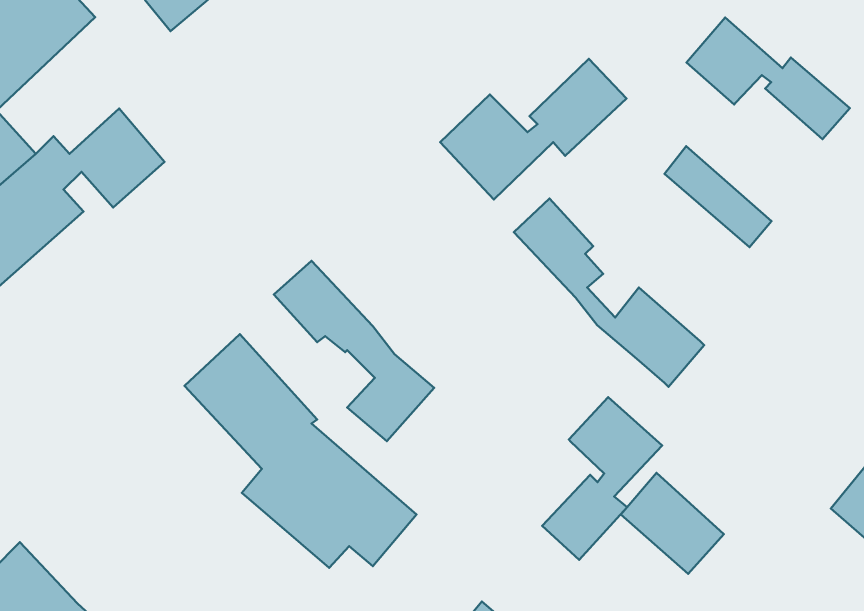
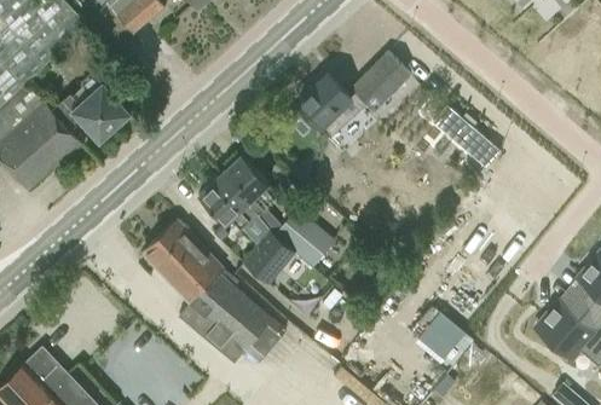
building: [687,18,850,139] -> none
building: [514,198,704,387] -> [219,155,335,270]
building: [542,397,662,560] -> none

